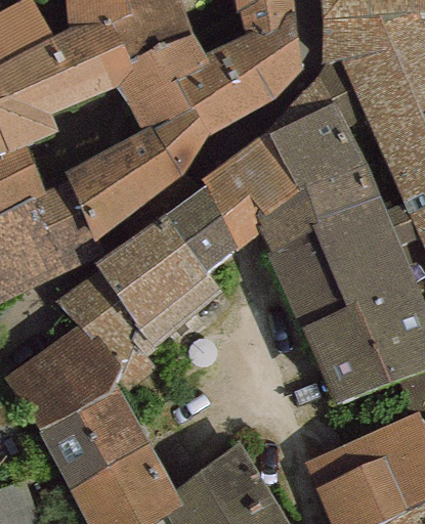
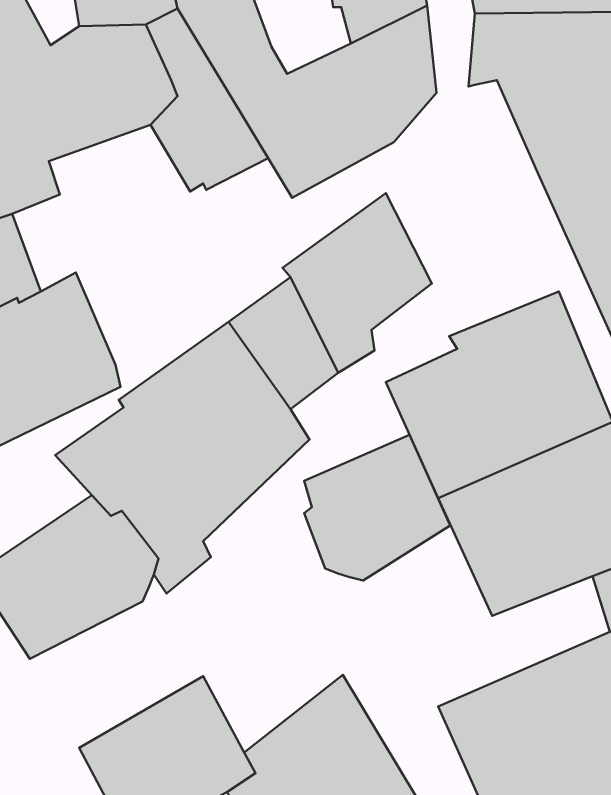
building: [258,59,379,252] -> none
building: [63,110,207,243] -> none
building: none -> [304,435,450,580]
building: [38,386,150,489] -> none

